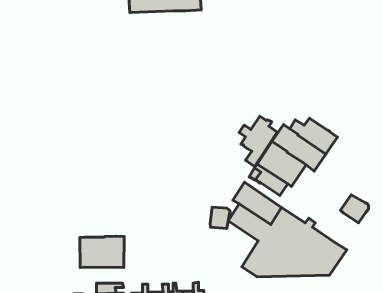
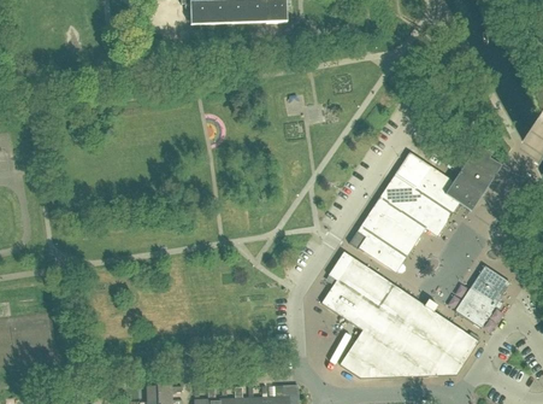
building: [239,116,278,167] -> [451,144,503,211]
building: [210,207,230,229] -> none
building: none -> [456,288,496,328]
building: [80,236,124,268] -> none

